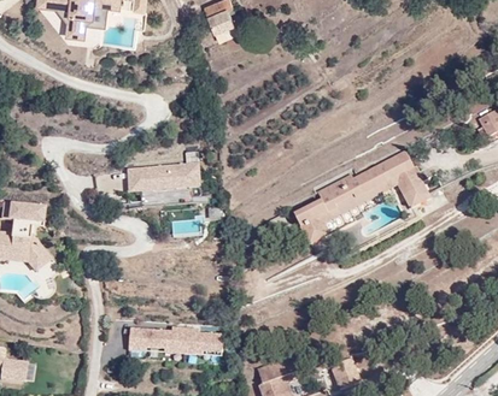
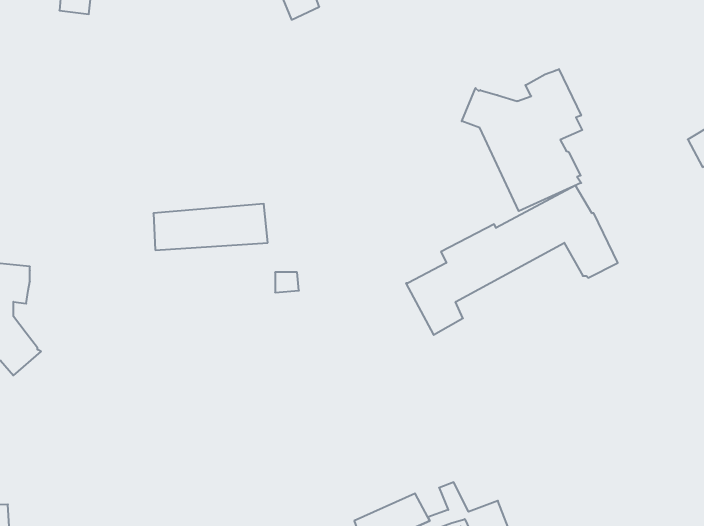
building: none -> [462,69,582,211]
building: [127,326,222,356] -> none

